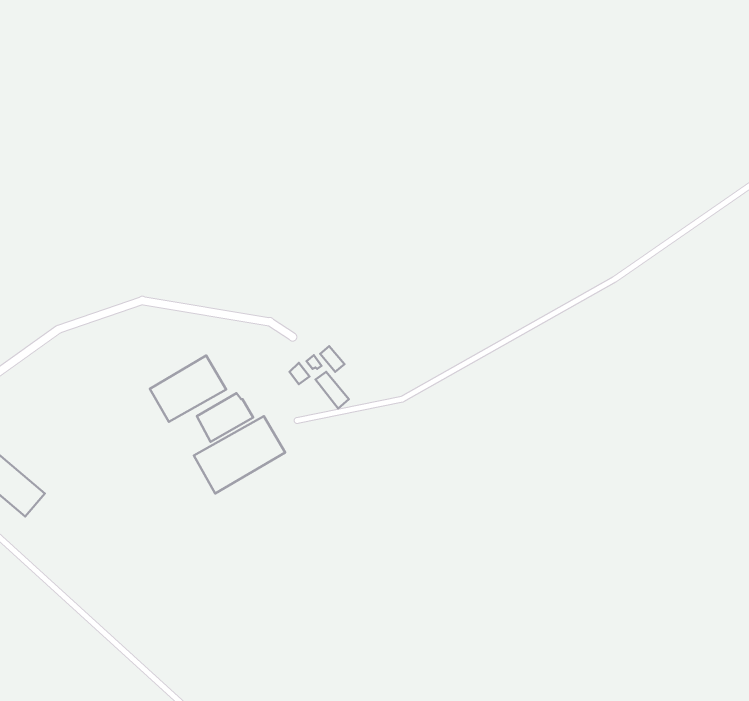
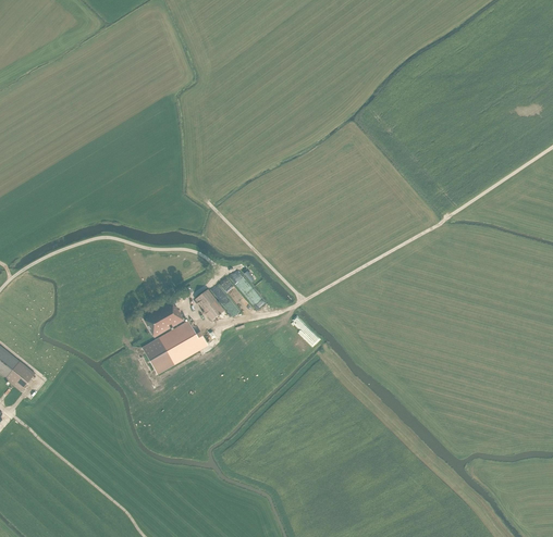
building: [150,356,226,422] -> none
building: none -> [194,290,224,322]

